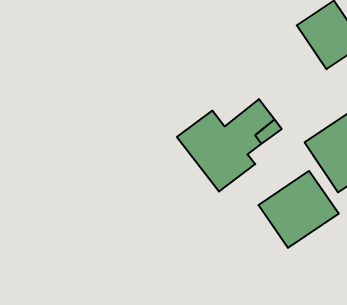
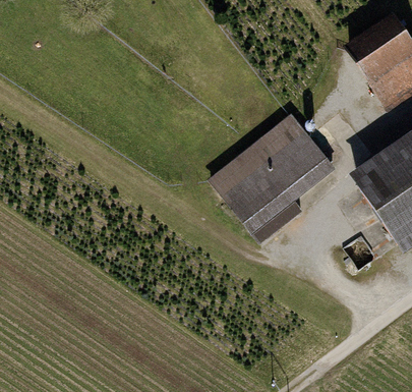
building: none -> [252,114,306,165]
building: [258,171,339,248] -> none

